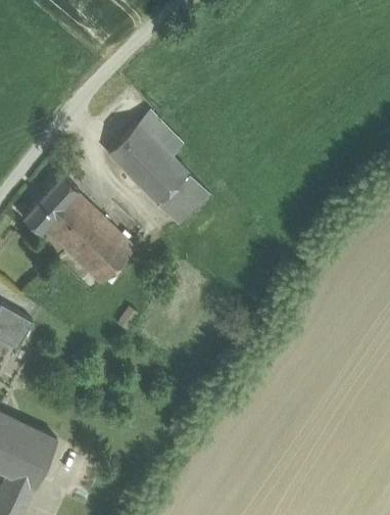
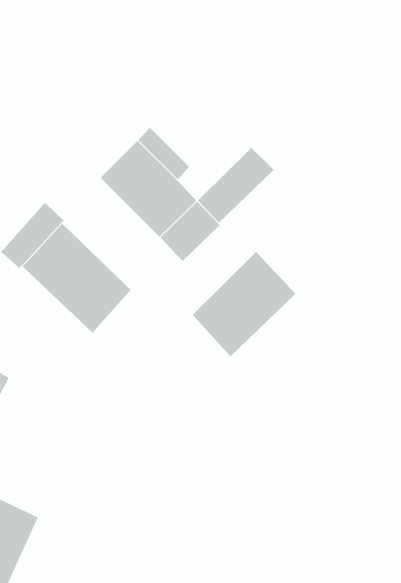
building: none -> [197,147,274,224]
building: none -> [192,251,296,357]

